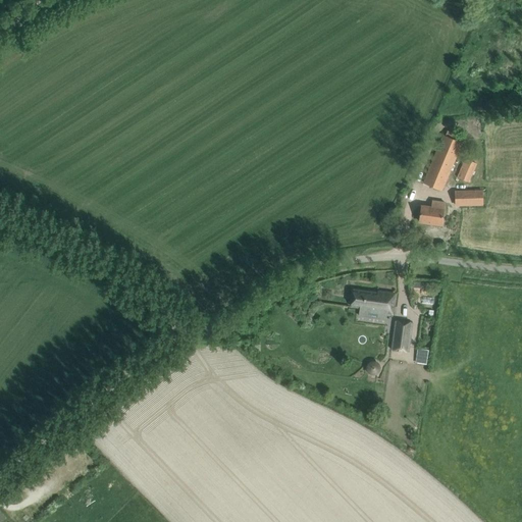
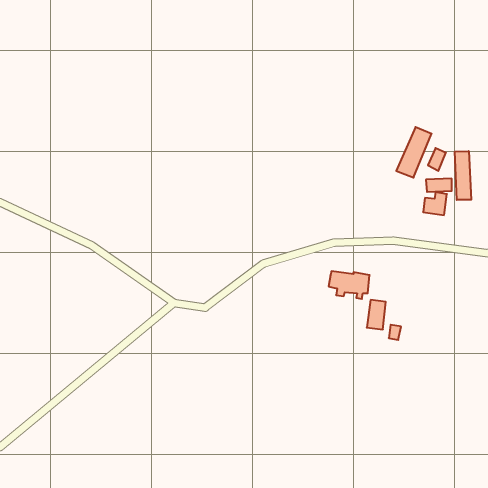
building: none -> [455,151,471,200]
building: [419,200,445,224] -> [423,192,447,215]

